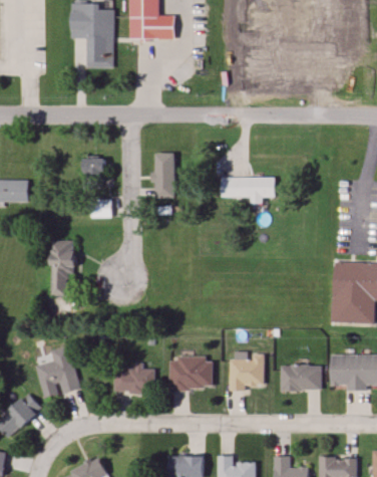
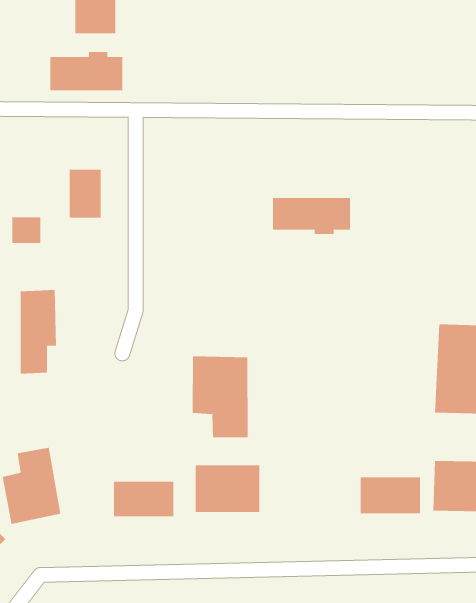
building: none -> [50,51,123,91]
building: [155,154,175,199] -> none
building: [92,201,112,219] -> [11,217,41,244]
building: none -> [192,355,248,438]
building: [231,352,265,392] -> none

